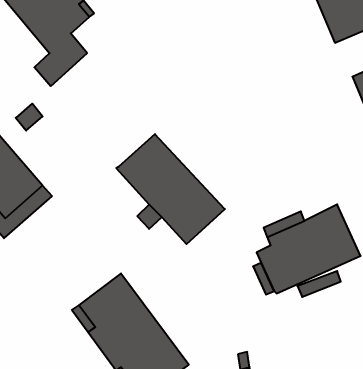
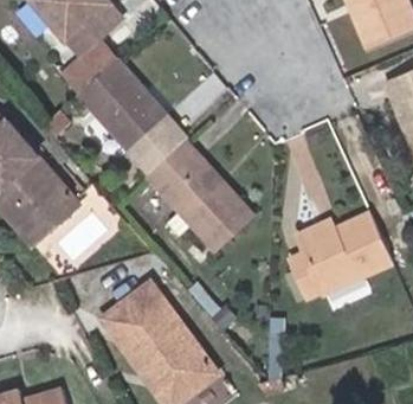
building: none -> [77,58,187,173]

